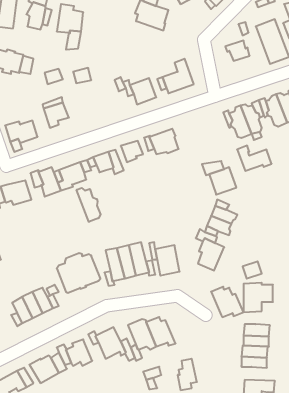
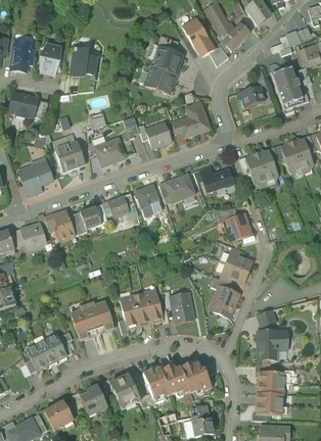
building: none -> [146,65,178,93]
building: none -> [95,139,125,167]
building: [237,146,272,171] -> [199,165,234,191]
building: [77,188,101,222] -> none
building: [211,287,244,317] -> [180,361,213,392]

